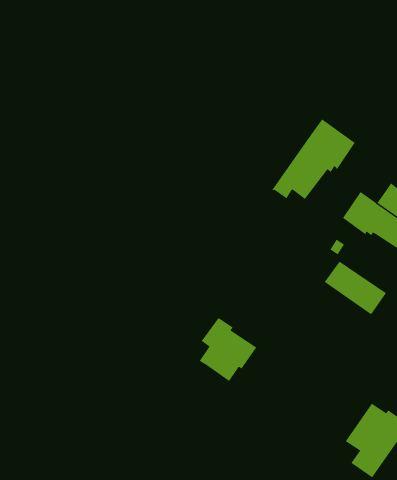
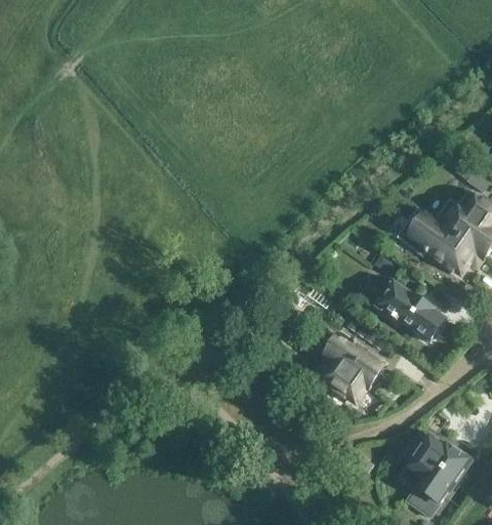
building: [272,118,356,200] -> none
building: [199,317,257,382] -> [322,332,384,402]

